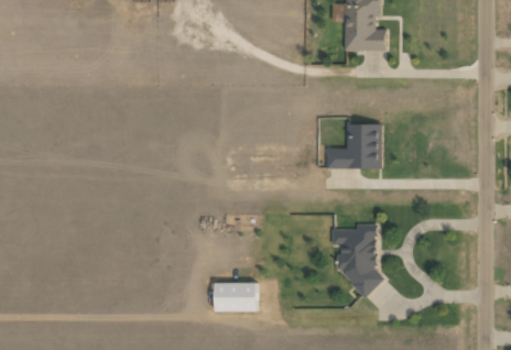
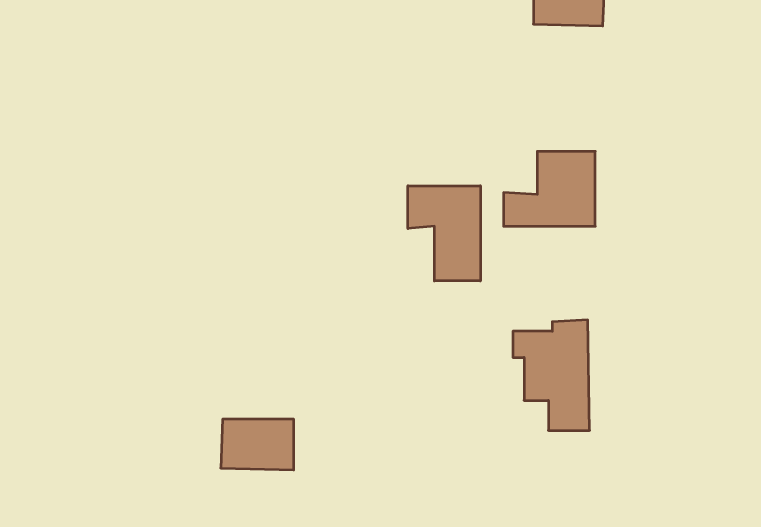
building: none -> [408,186,480,281]
building: [213,283,256,313] -> [221,419,294,470]

